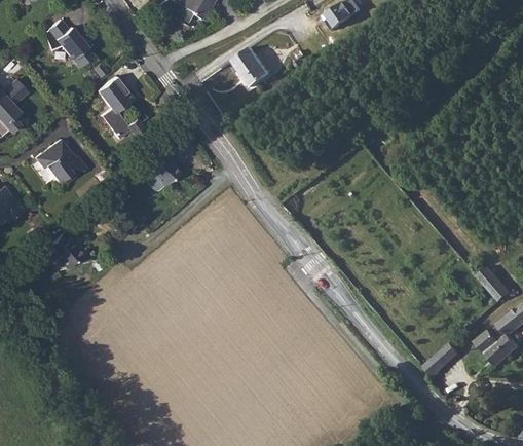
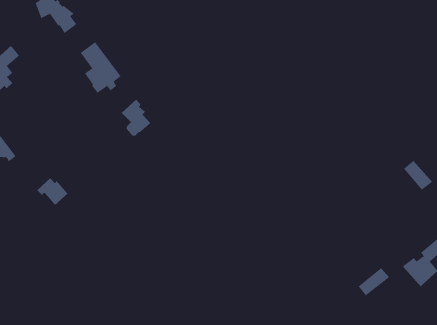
building: [235,47,272,87] -> none
building: [34,139,84,182] -> none
building: [480,265,515,301] -> [403,160,433,191]

